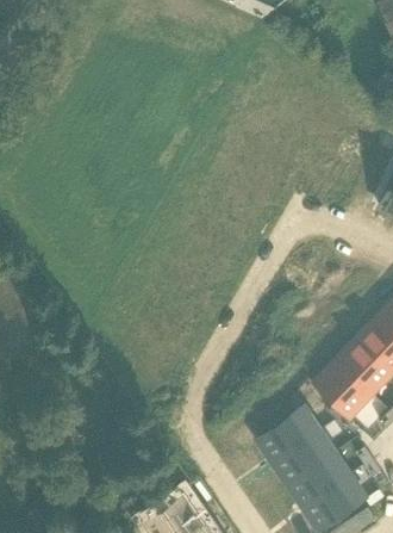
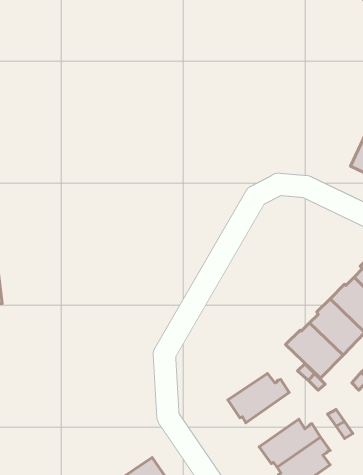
building: [275,430,328,484] -> none

